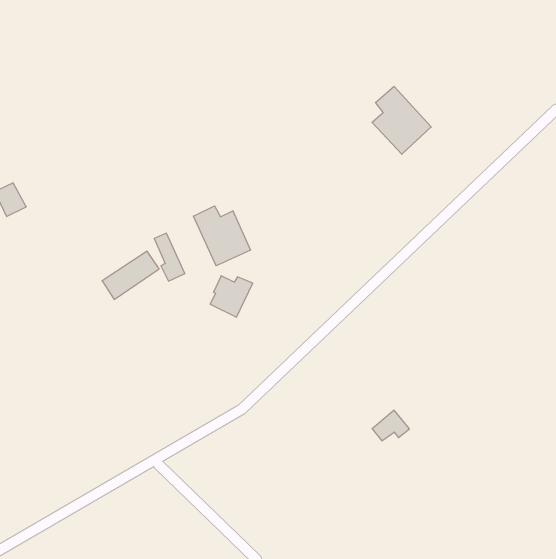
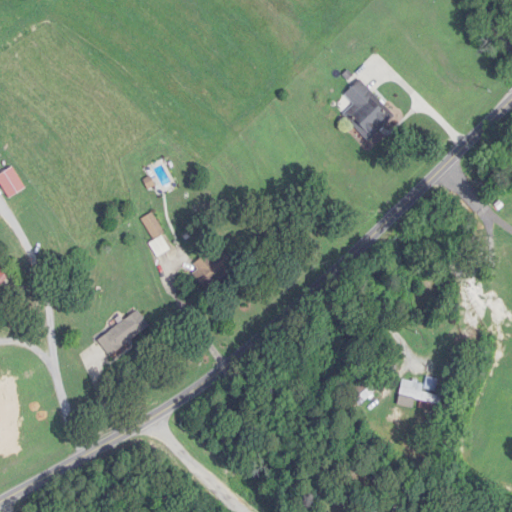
building: [193,206,251,266] -> none
building: [102,251,159,299] -> [96,311,148,355]
building: none -> [396,377,441,408]

